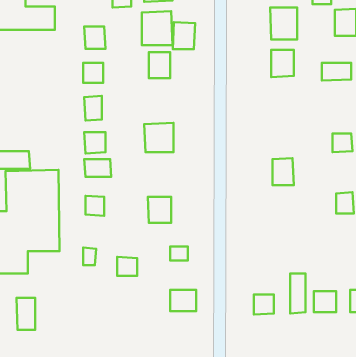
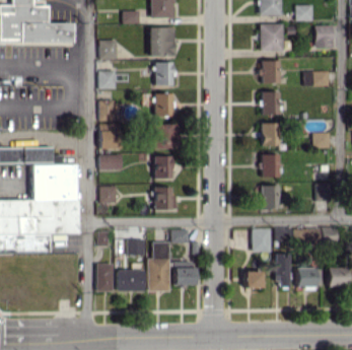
building: [173,22,195,49] -> [154,92,173,116]
building: none -> [261,91,280,115]
building: none -> [262,122,280,146]
building: none -> [154,155,173,179]
building: none -> [262,185,280,208]
building: none -> [252,228,271,252]
building: none -> [148,241,170,291]
building: none -> [117,269,144,291]
building: [16,298,35,330] -> [96,264,113,291]

